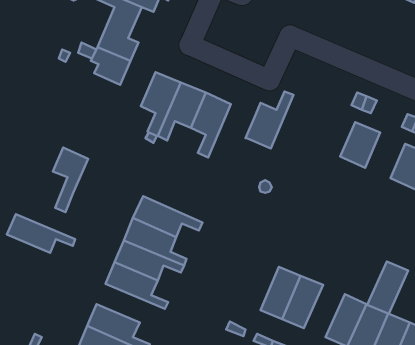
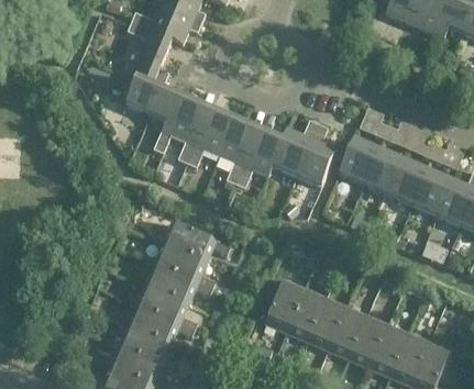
building: none -> [296,122,335,185]
building: none -> [235,131,282,187]
building: none -> [339,137,377,181]
building: none -> [387,158,426,202]
building: [53,147,88,212] -> [151,89,185,152]
building: [7,214,75,253] -> [128,304,194,342]
building: none -> [265,279,304,330]
building: [367,261,408,314] -> [328,305,367,356]

